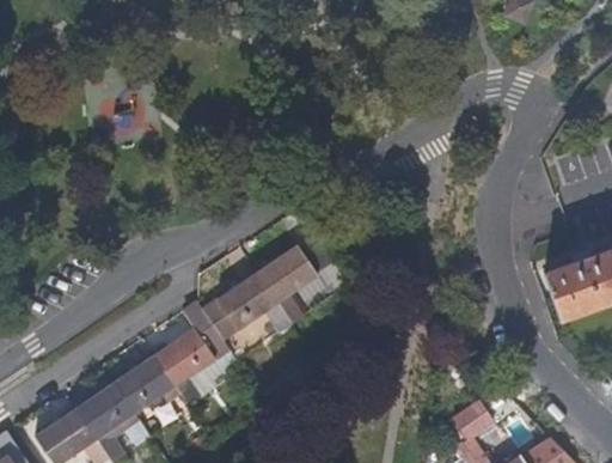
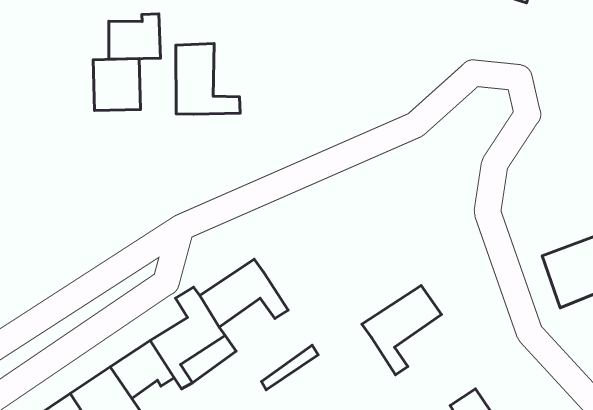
building: none -> [109,14,161,59]
building: none -> [176,44,240,114]
building: [258,236,337,324] -> [362,285,442,375]

